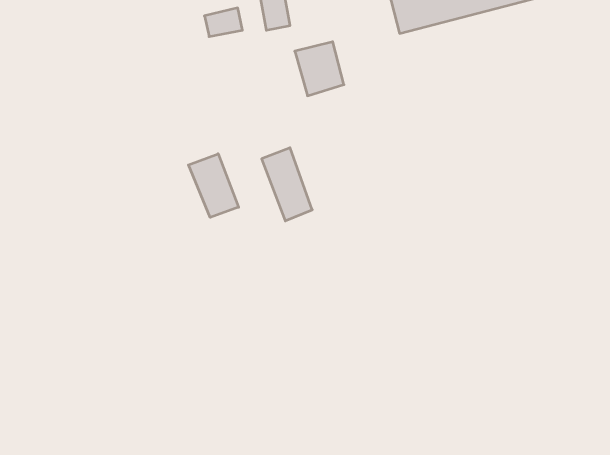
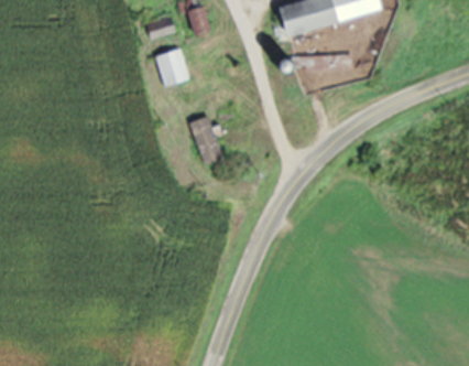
building: [295,42,344,96] -> [156,49,190,86]
building: [188,154,239,217] -> none

